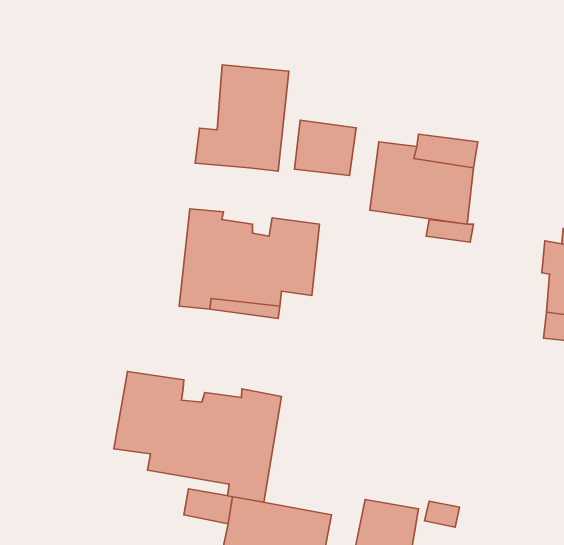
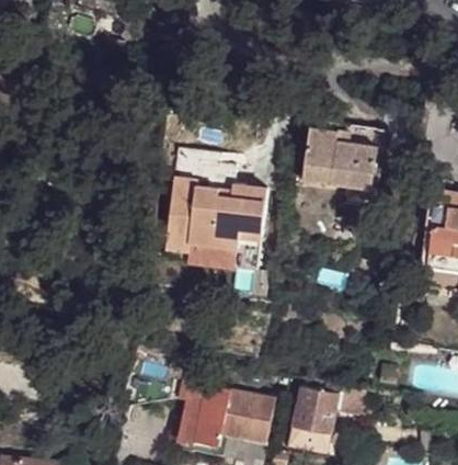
building: [195,65,289,171] -> none
building: [295,120,356,175] -> none
building: [114,371,282,502] -> none

